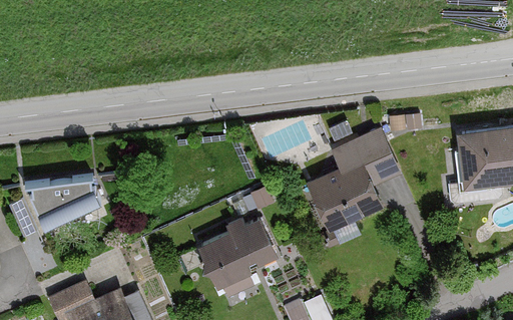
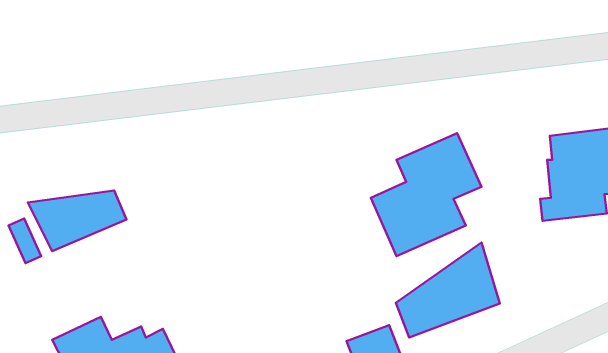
building: [197,217,278,297] -> none
building: none -> [396,243,500,337]

